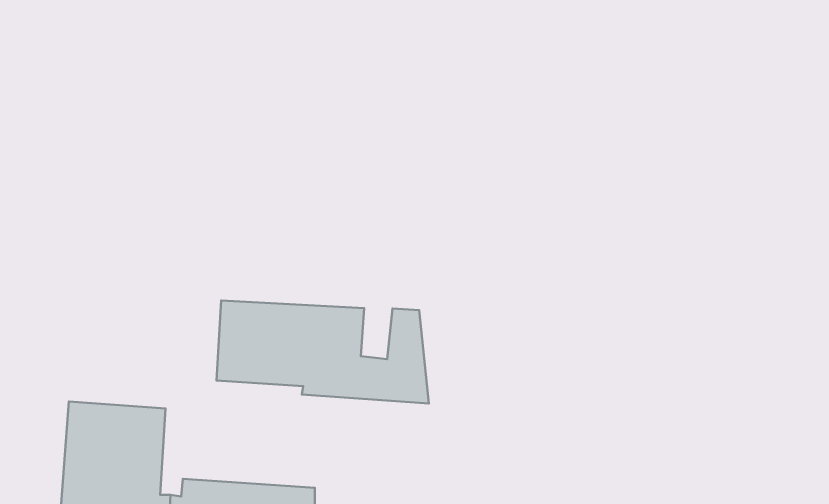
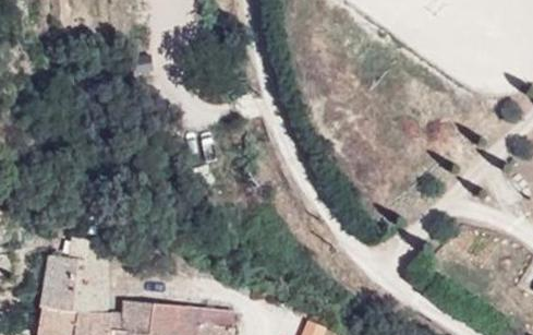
building: [217,300,429,404] -> none

